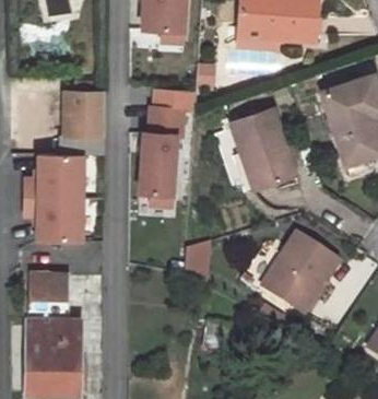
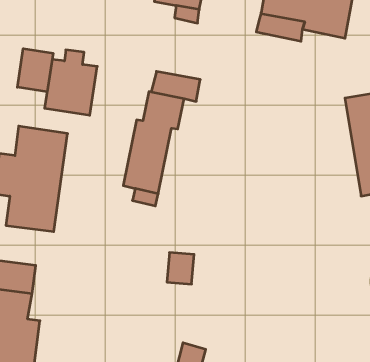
building: none -> [17,49,53,92]
building: [233,108,297,188] -> none
building: [265,236,339,312] -> none

